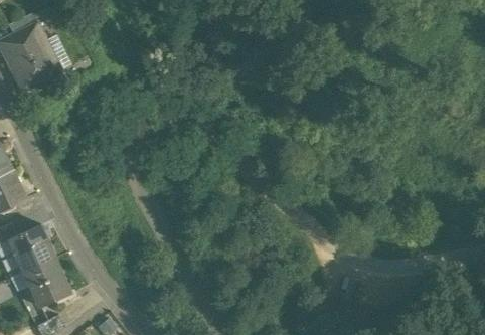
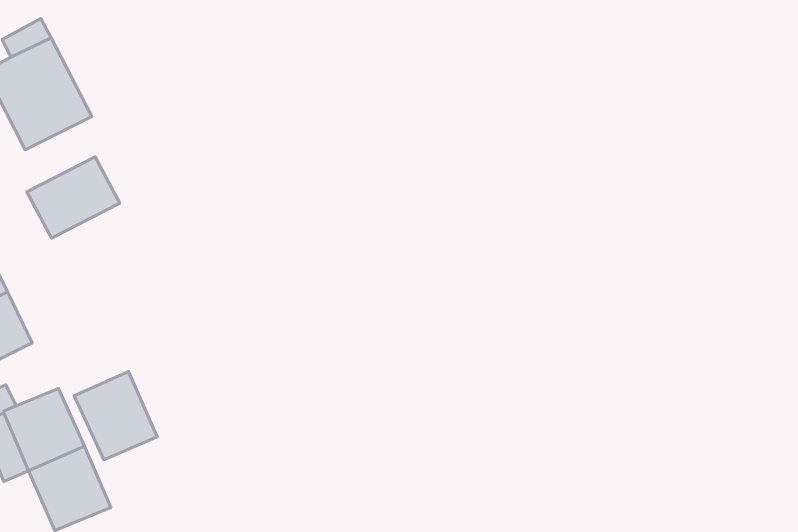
building: none -> [27,157,120,238]
building: none -> [74,371,157,460]

